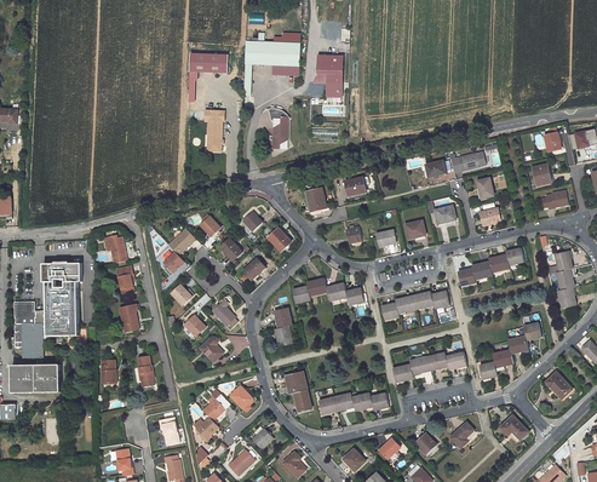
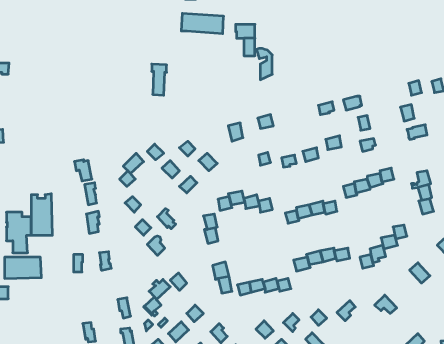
building: [190,54,229,74] -> none
building: [268,110,288,151] -> [257,48,272,80]
building: [44,263,82,287] -> none

